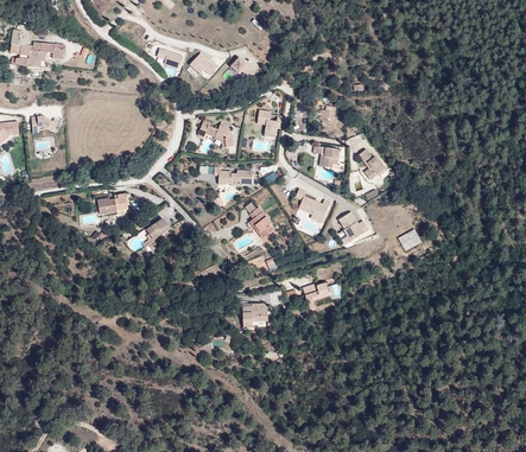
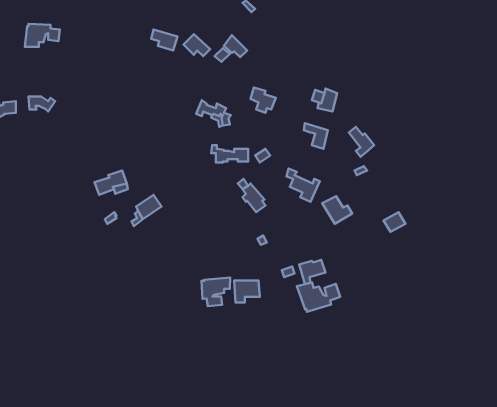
building: [8,28,28,65] -> none
building: none -> [201,278,230,306]
building: none -> [297,282,340,312]

